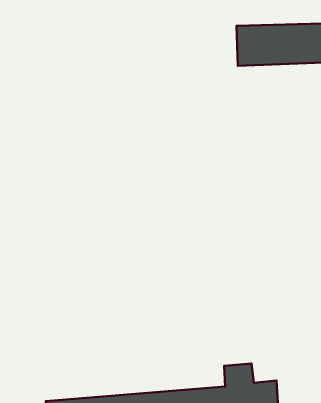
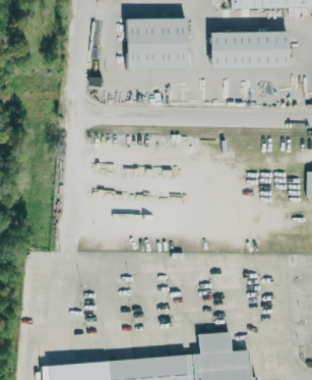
building: none -> [127,18,186,70]

